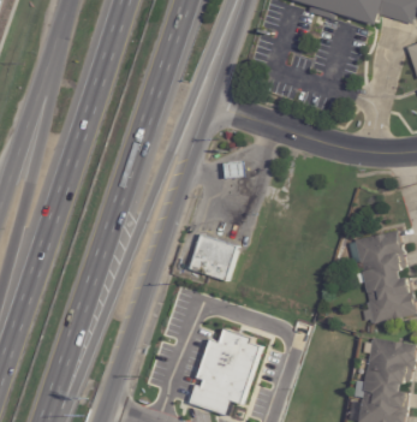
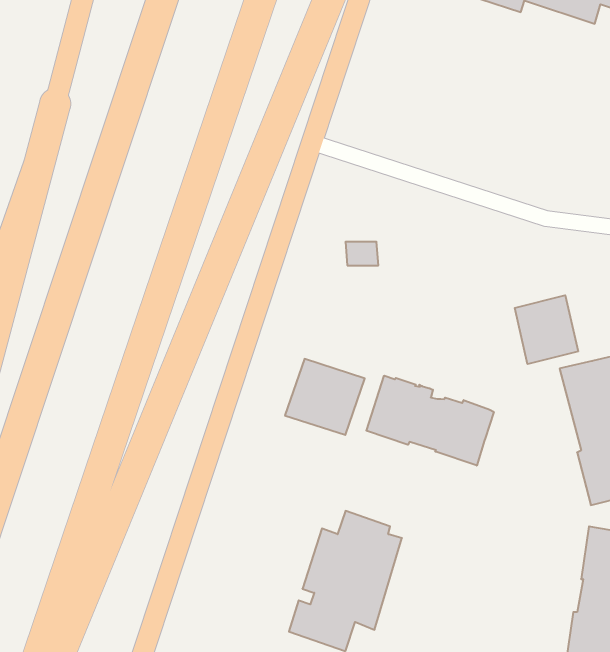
building: none -> [515,295,578,364]
building: none -> [366,376,494,466]

